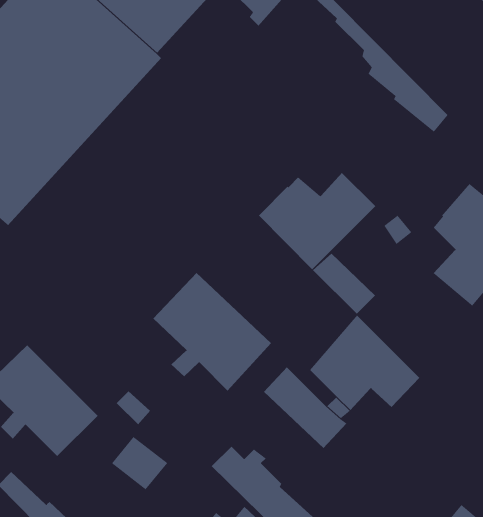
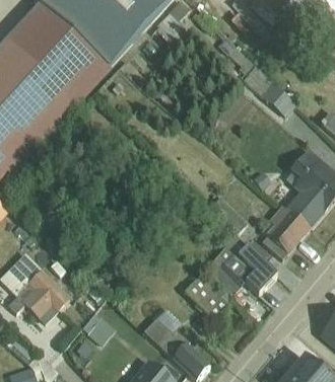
building: [258,172,376,270] -> none
building: none -> [261,205,311,258]
building: [153,272,272,391] -> none

